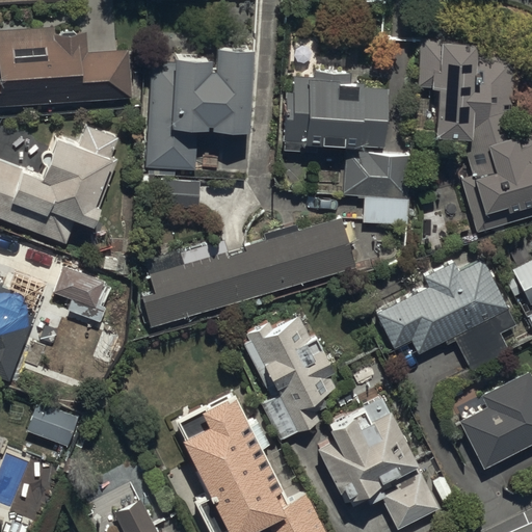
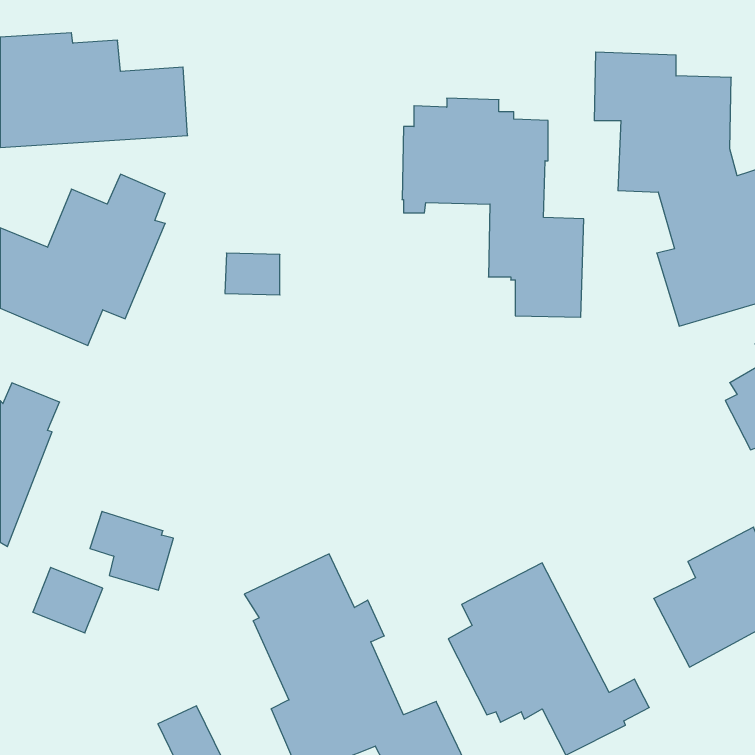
building: [144,45,250,179] -> none
building: [141,217,357,327] -> none
building: [376,258,517,373] -> none
building: [55,269,113,324] -> [90,511,173,590]
building: [244,316,341,442] -> none

